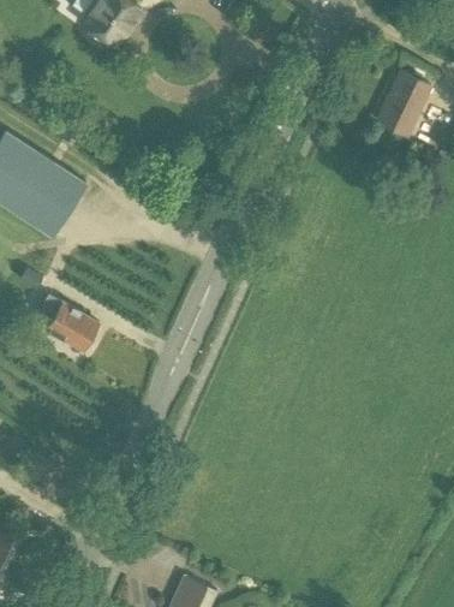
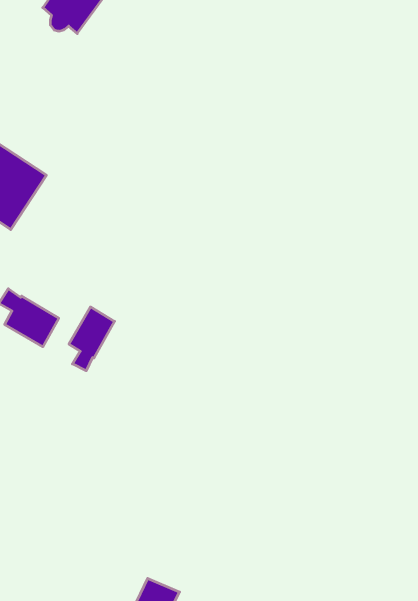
building: [376,71,430,135] -> none
building: none -> [69,307,115,371]

